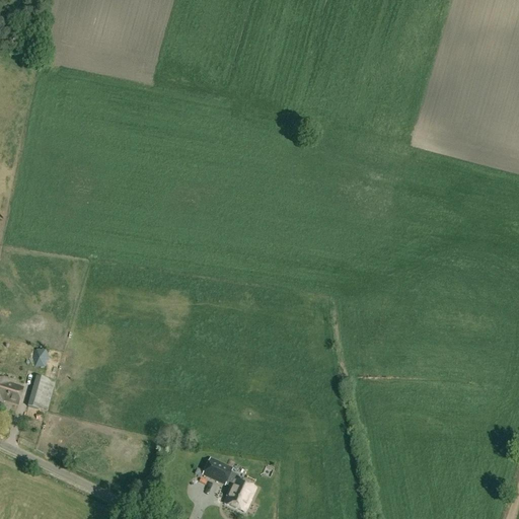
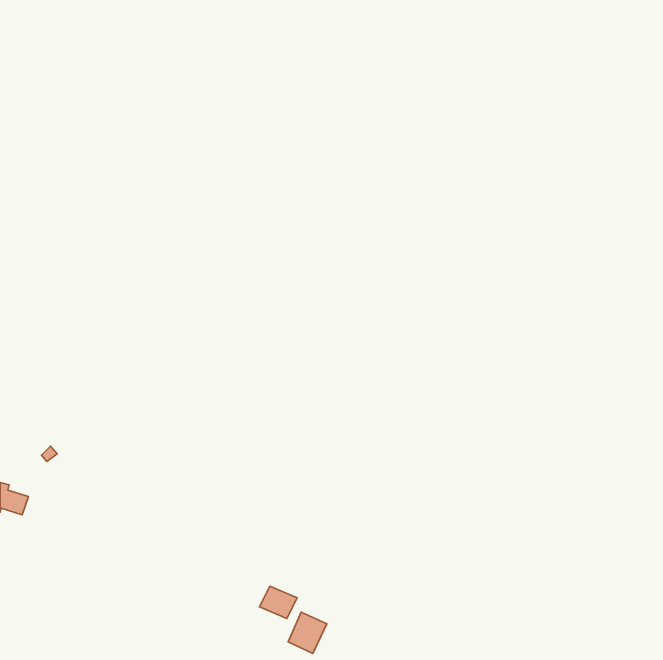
building: [28,375,55,411] -> none

